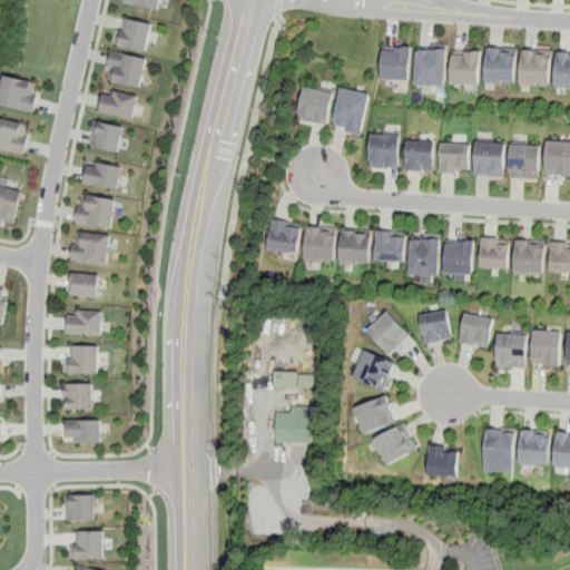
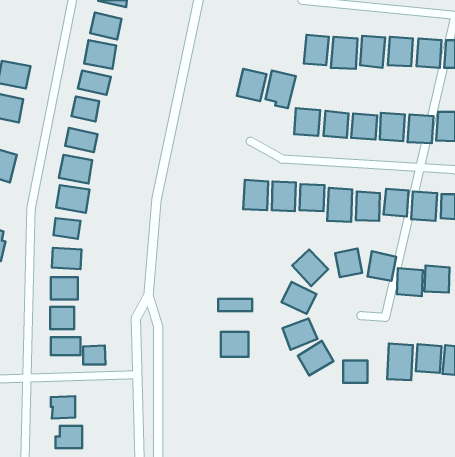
building: [266,219,301,255] -> none
building: none -> [83,346,105,365]

